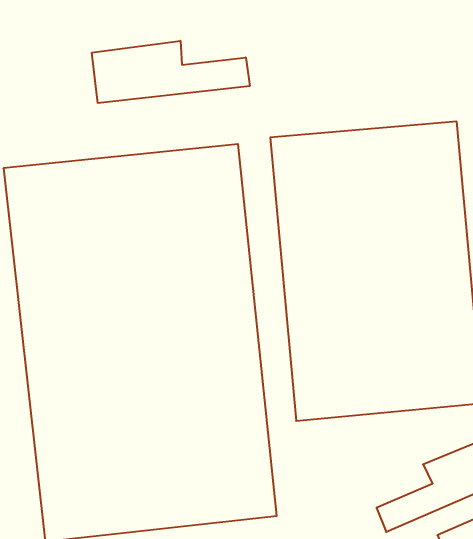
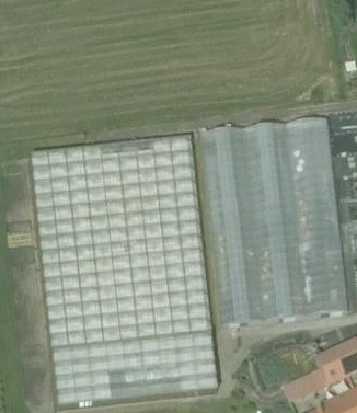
building: [92,41,250,103] -> none

